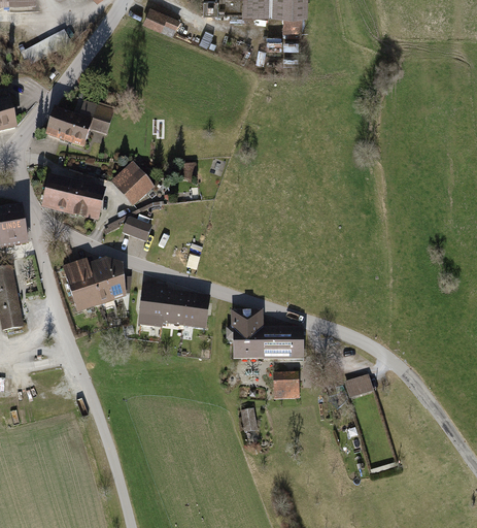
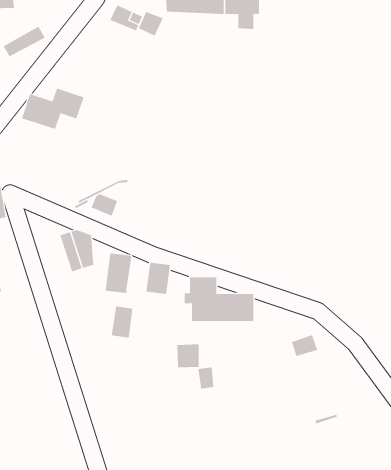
building: none -> [138,11,164,36]
building: [110,161,154,204] -> none
building: [40,173,105,220] -> none
building: [62,258,100,311] -> none
building: [162,289,186,325] -> [111,306,133,338]
building: [273,370,299,397] -> [176,344,200,368]

